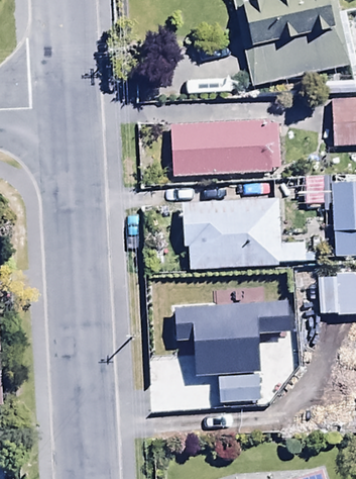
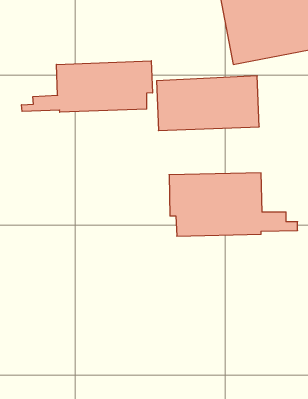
building: none -> [22,61,152,112]
building: [197,307,291,412] -> none

